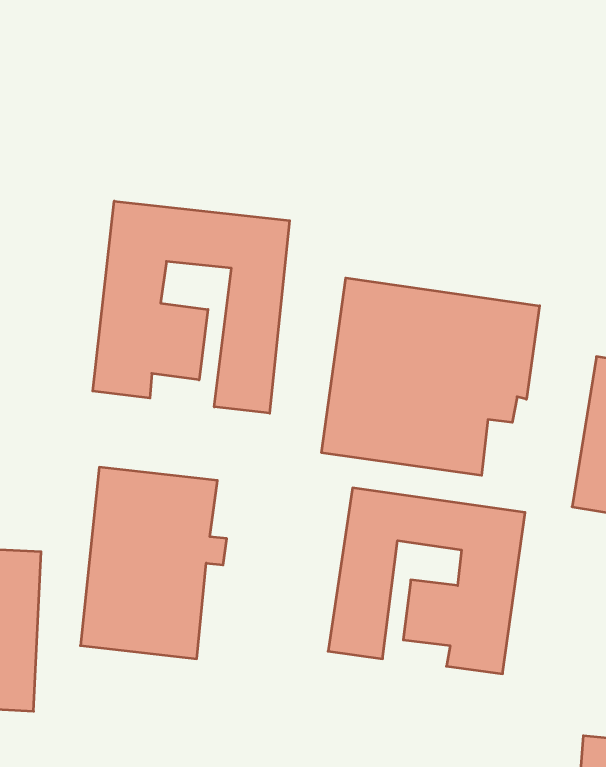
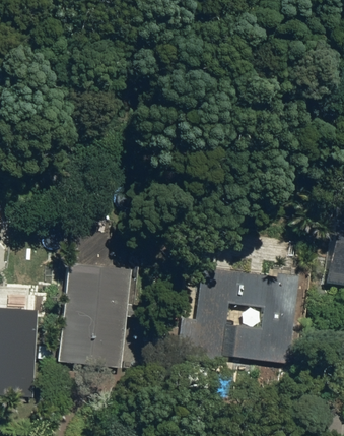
building: [93,201,290,413] -> none
building: [322,278,540,475] -> none

